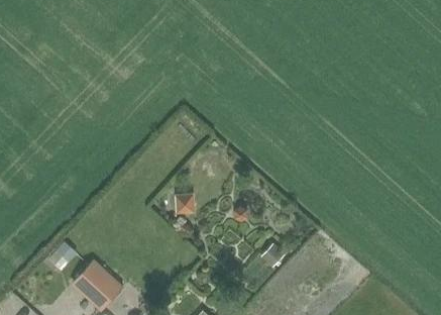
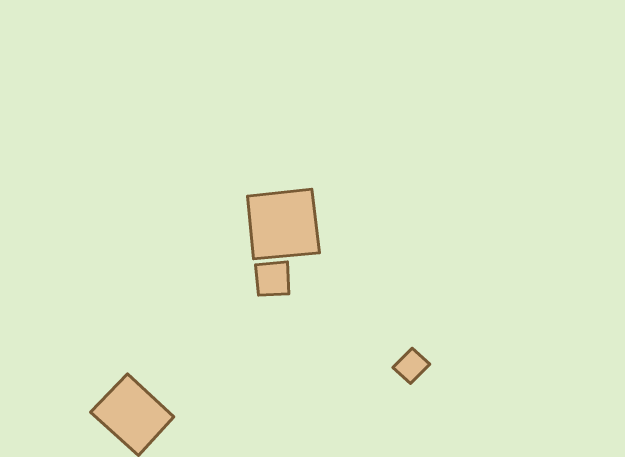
building: none -> [247,189,319,259]

